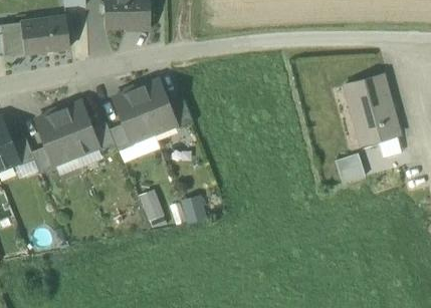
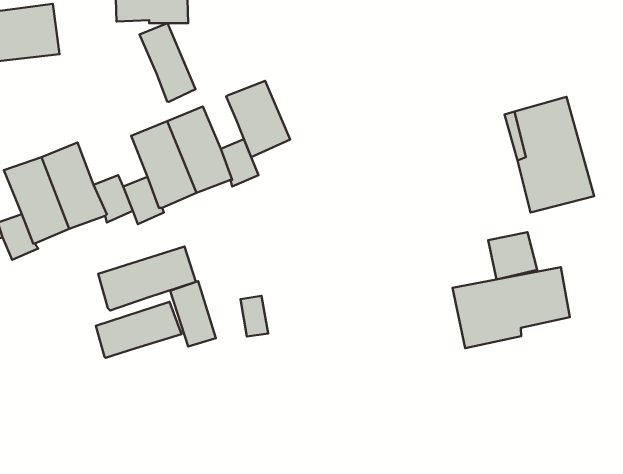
building: none -> [140,23,196,102]
building: none -> [226,81,290,157]
building: none -> [98,247,196,310]
building: none -> [453,267,570,348]
building: none -> [96,302,181,358]

